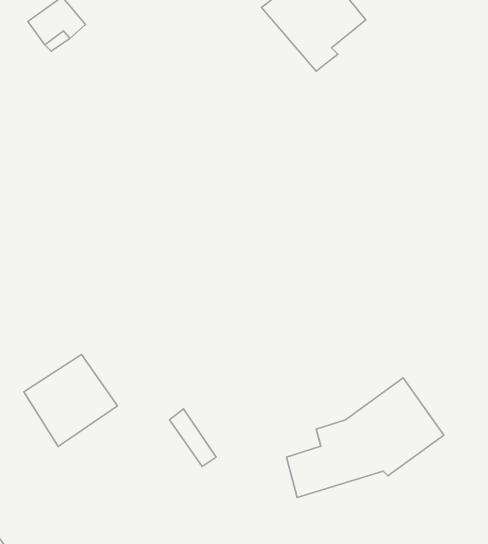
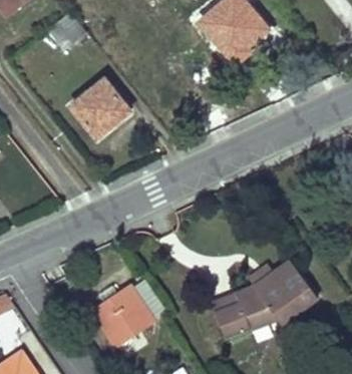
building: none -> [70,78,125,137]
building: [24,355,117,446] -> [93,286,153,345]

